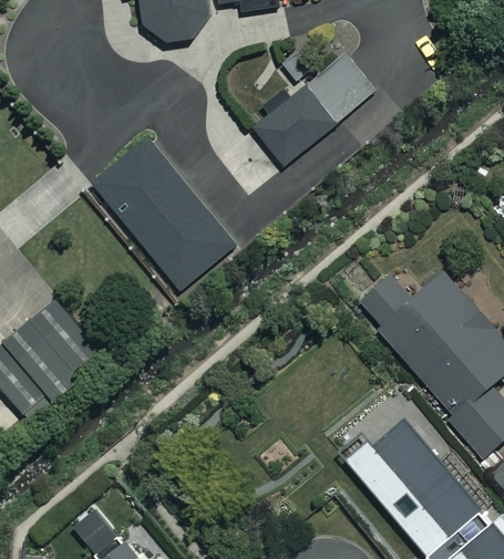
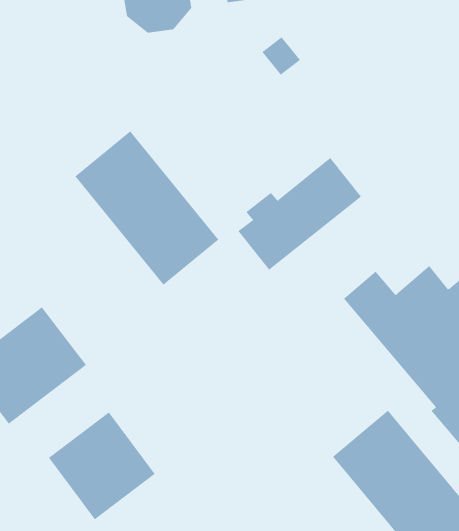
building: [253,52,376,164] -> [238,157,362,271]
building: none -> [48,411,156,520]

